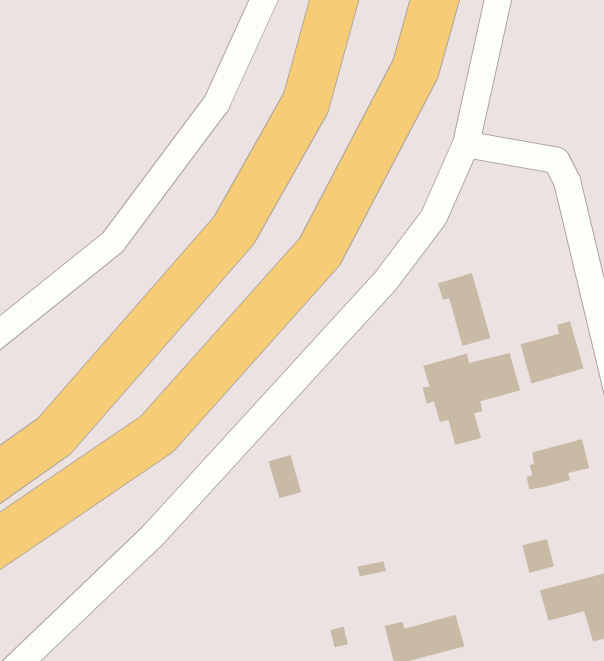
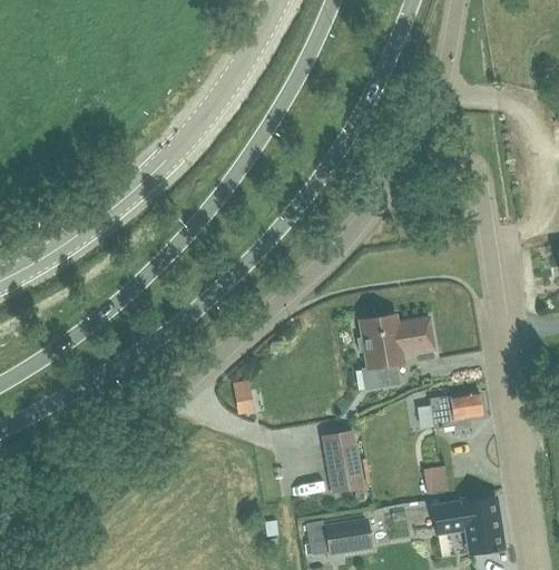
building: [437,272,492,347] -> none
building: [520,320,585,384] -> none
building: none -> [320,425,361,487]

